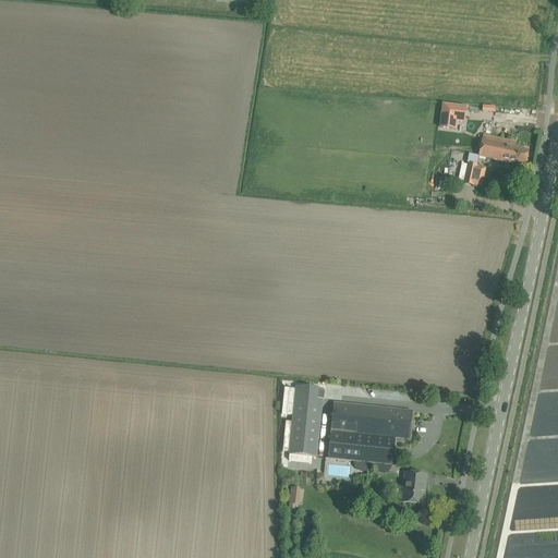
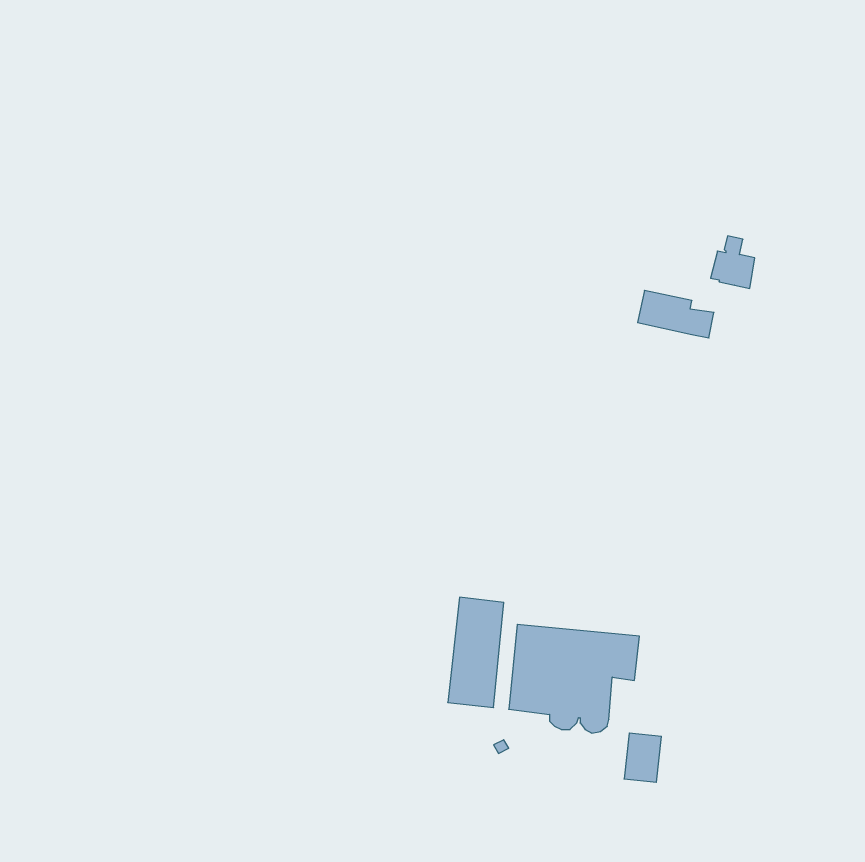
building: [439,102,464,128] -> none
building: [478,133,527,163] -> [638,290,714,338]

